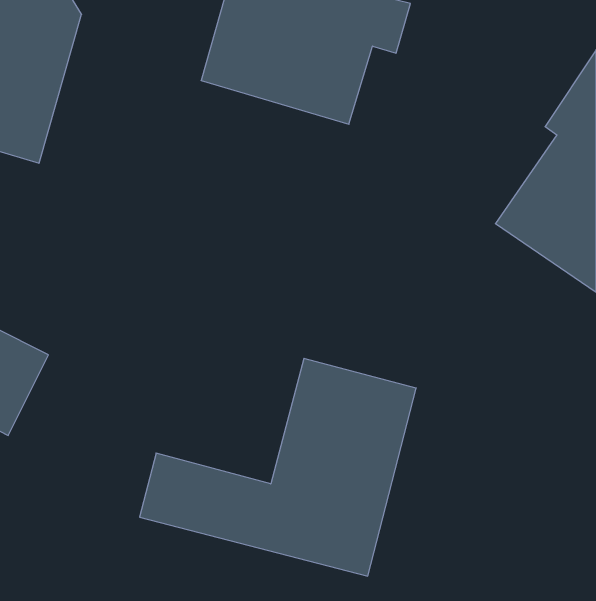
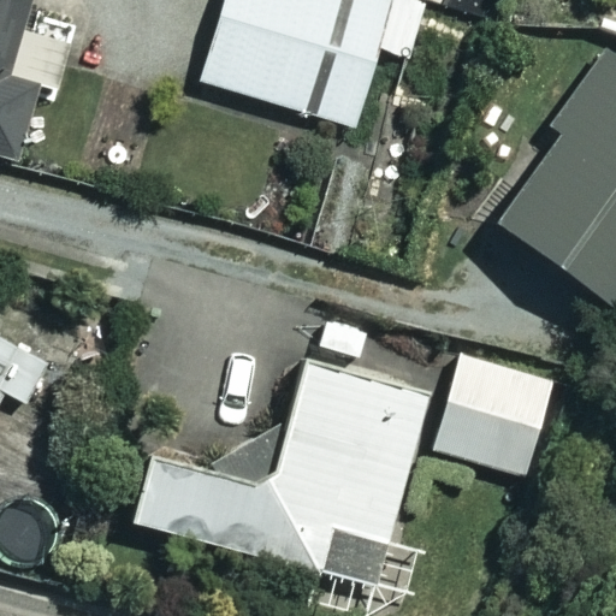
building: none -> [431,350,549,472]

